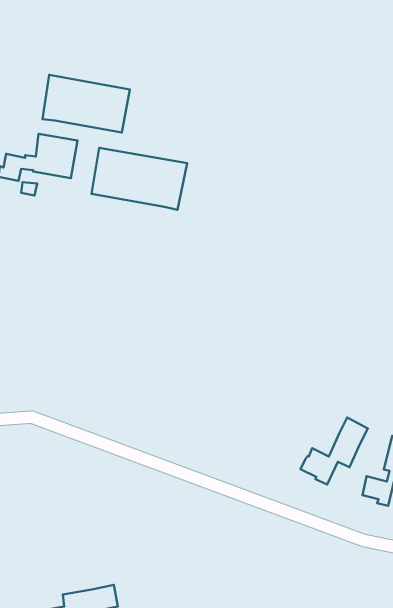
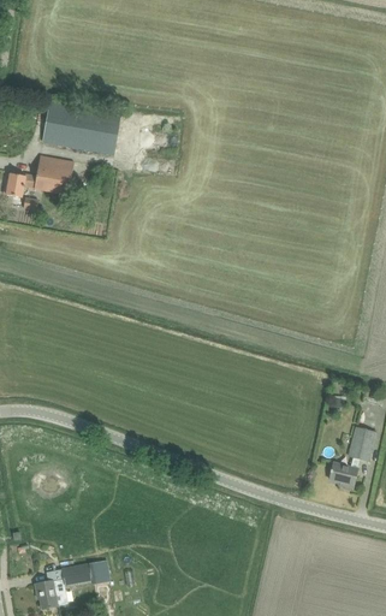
building: [91,148,187,210] -> none
building: [300,418,368,484] -> none

